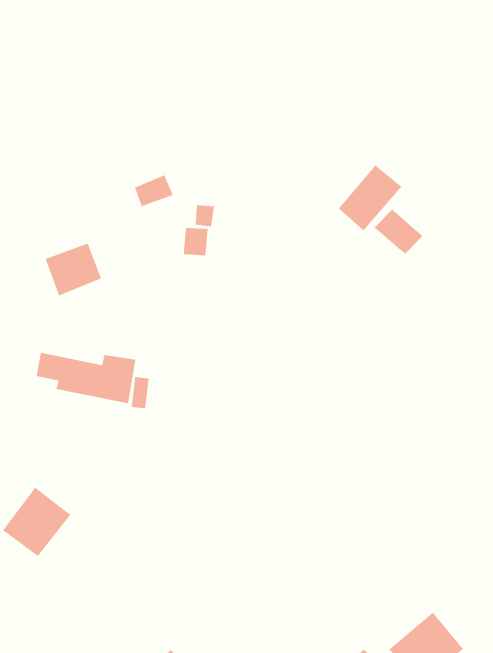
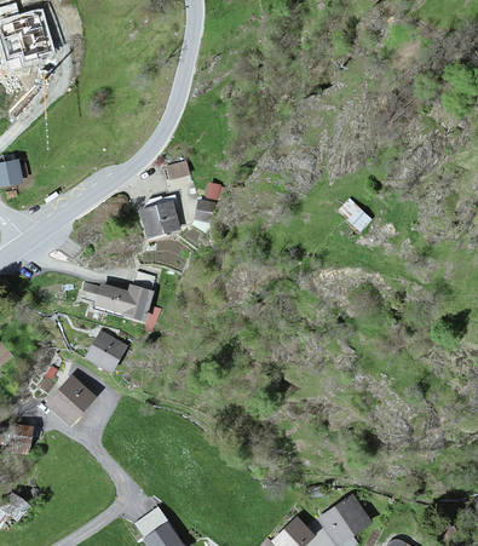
building: [338,164,402,231] -> none
building: [45,243,102,296] -> [139,202,179,238]
building: none -> [85,331,126,372]

